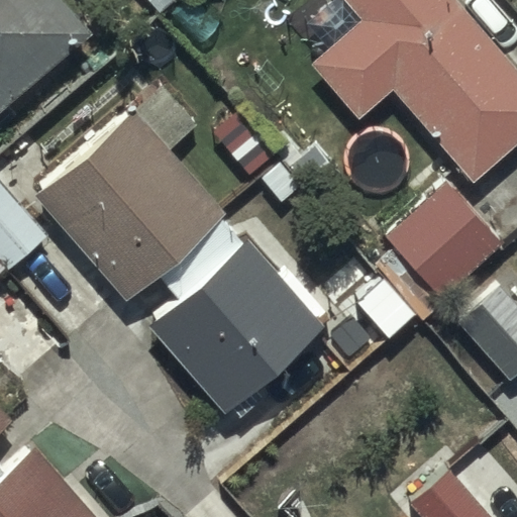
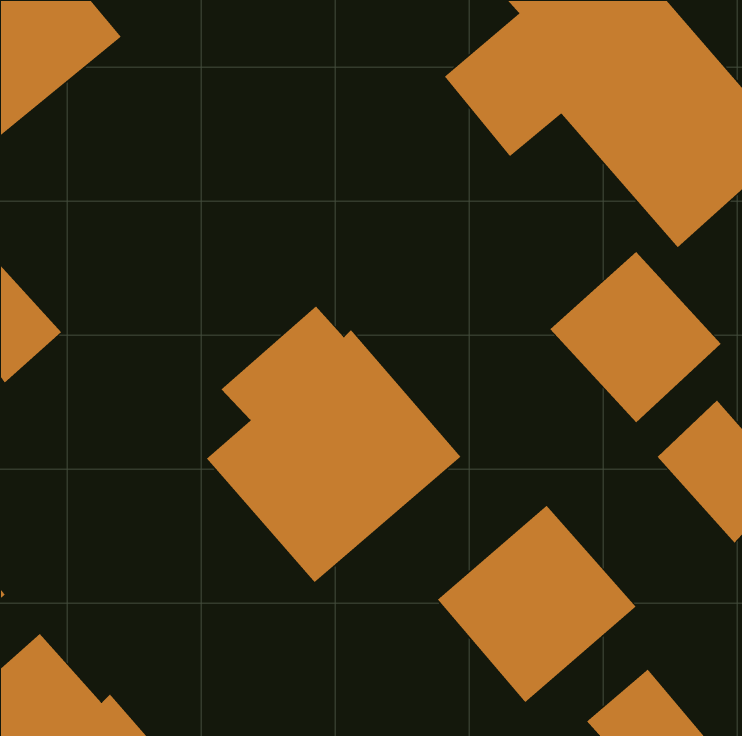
building: [35,85,224,299] -> none
building: none -> [437,505,637,703]

